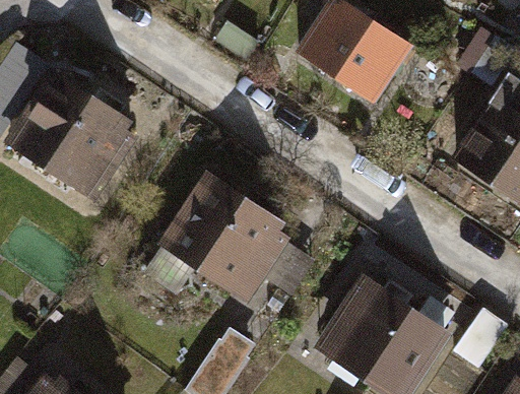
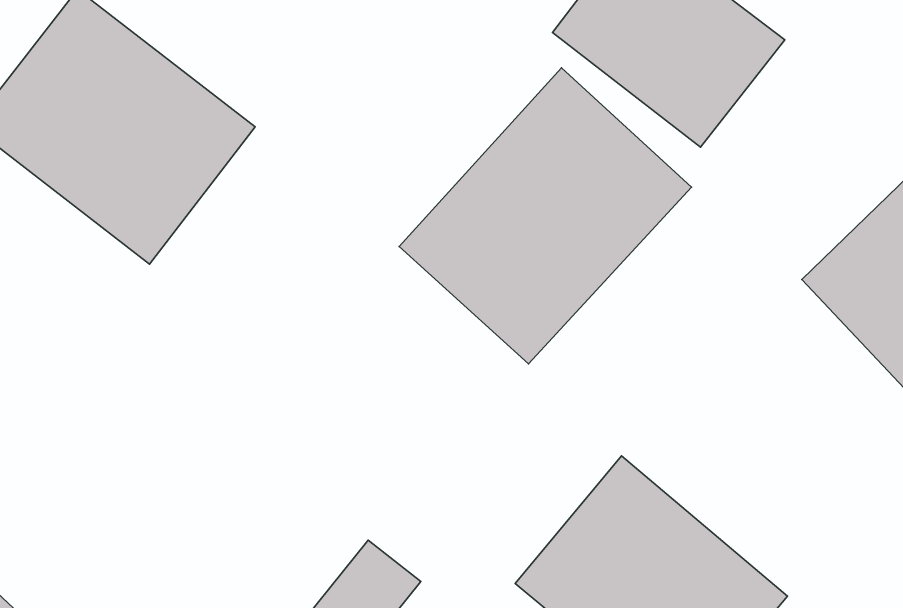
building: none -> [399,68,691,364]
building: [147,169,294,308] -> none

